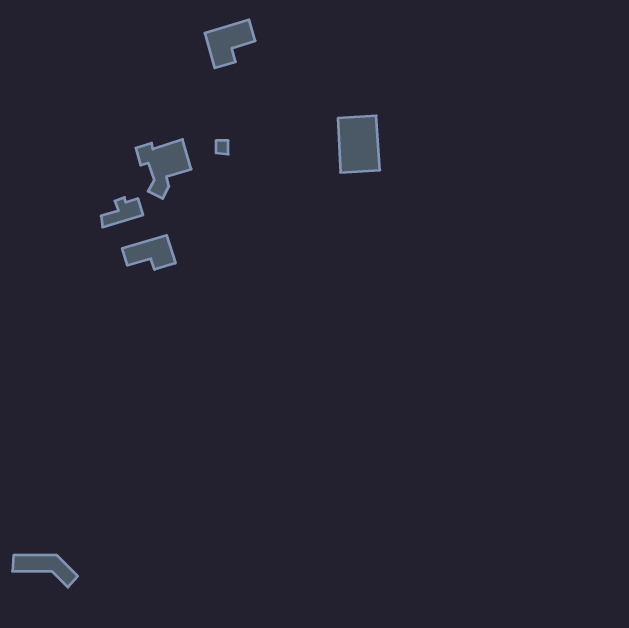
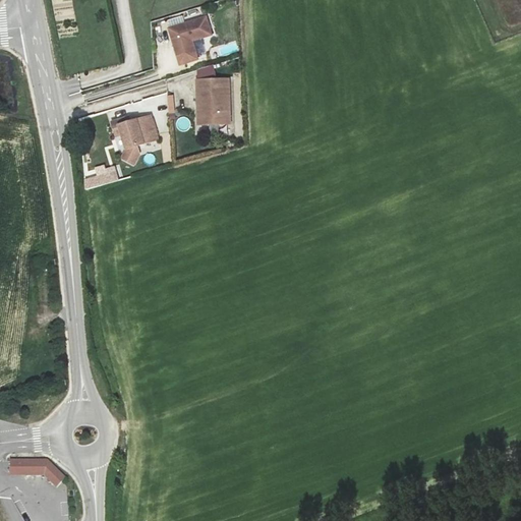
building: [338,116,380,172] -> [196,77,231,124]
building: [122,235,175,270] -> none

